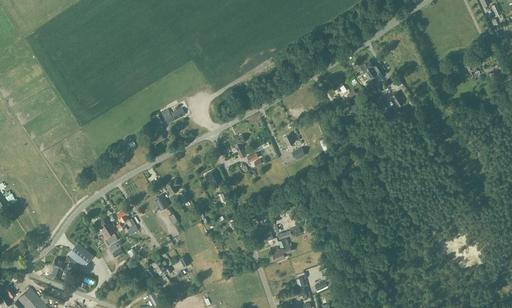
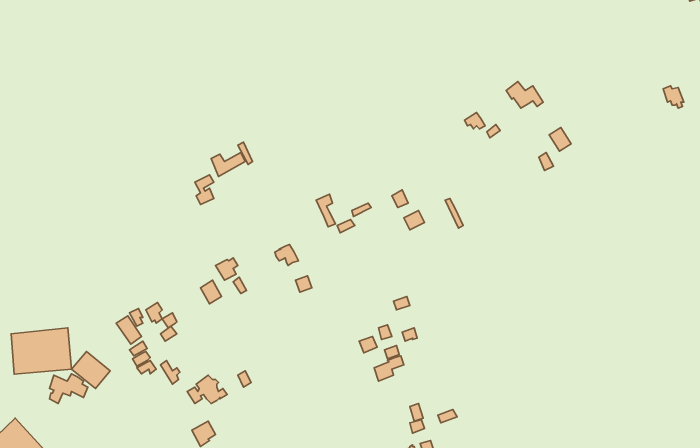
building: none -> [11,328,72,374]

